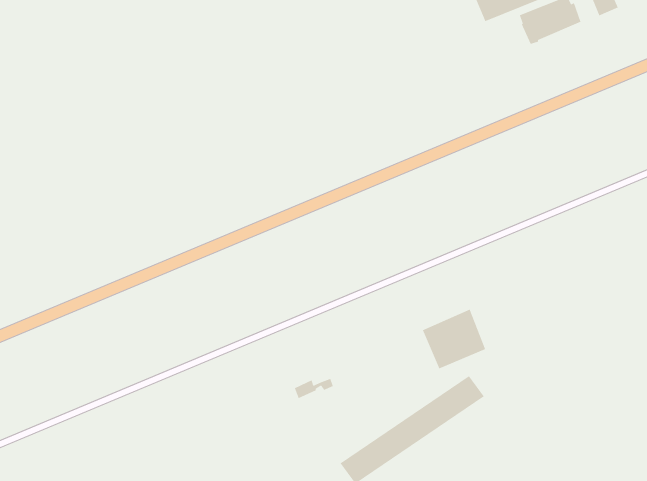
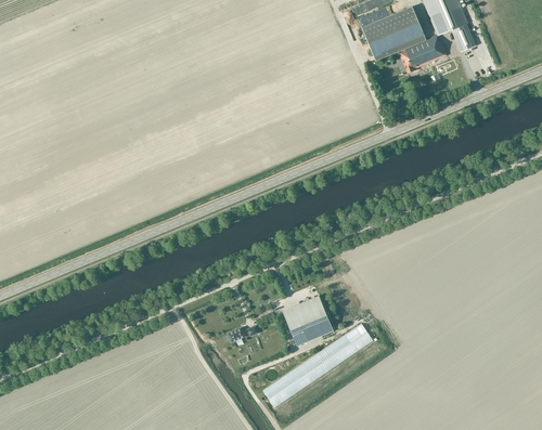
building: [422,308,486,370] -> [284,298,333,344]

